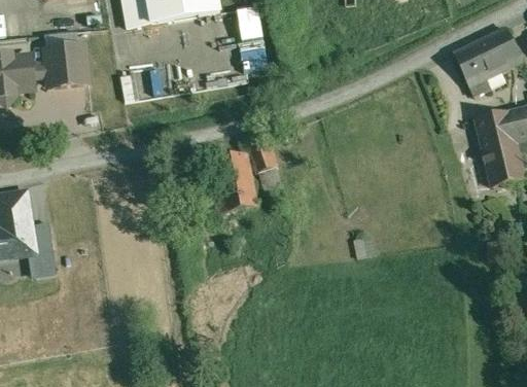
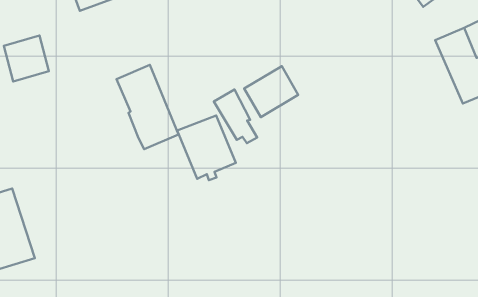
building: none -> [116,65,178,149]
building: none -> [244,66,298,117]

